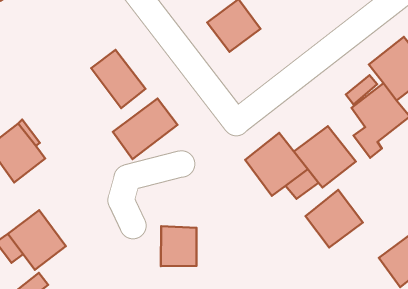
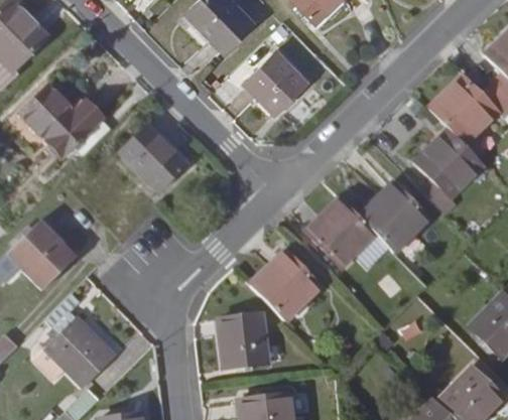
building: none -> [22,85,102,153]
building: [113,99,177,159] -> none
building: none -> [250,251,324,323]
building: [306,190,363,248] -> none

